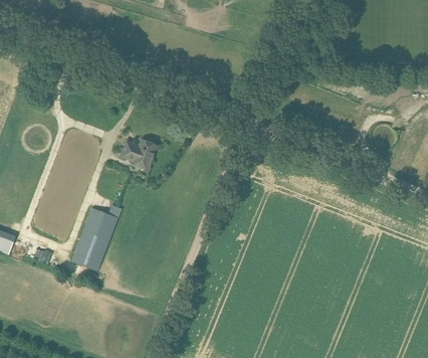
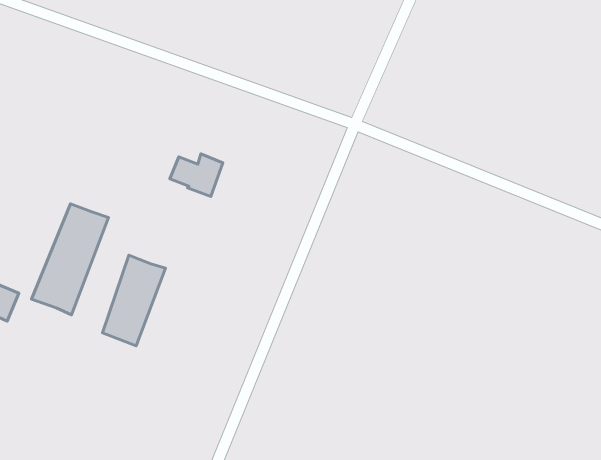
building: none -> [31,204,108,315]

